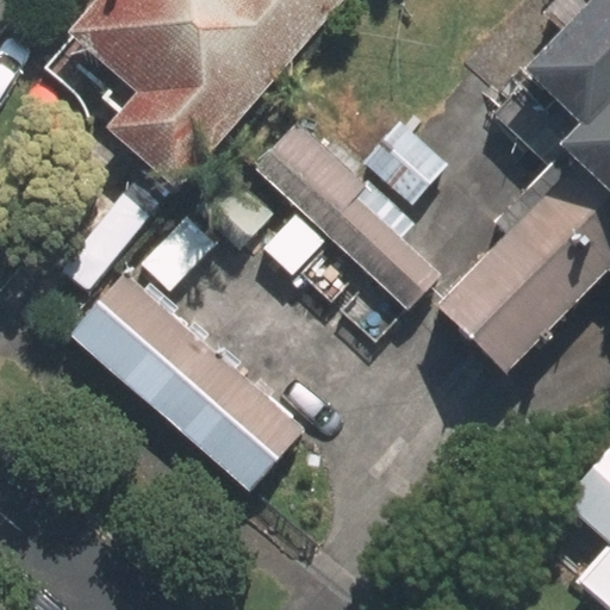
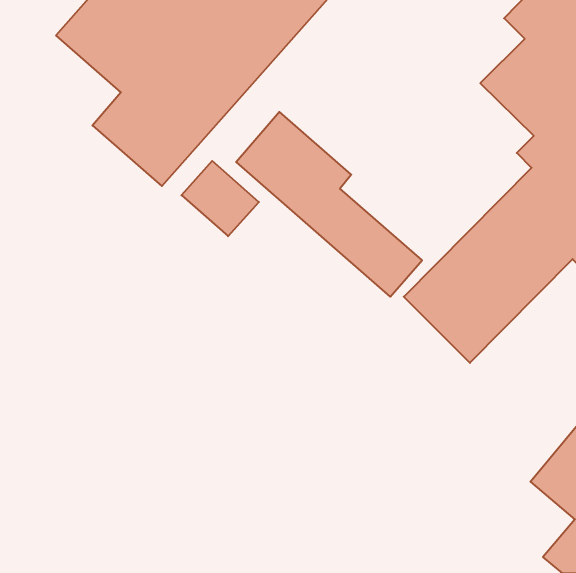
building: [70,269,309,493] -> none

